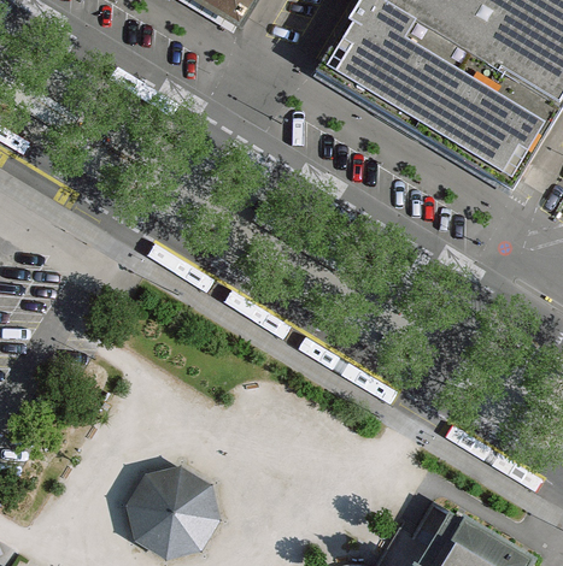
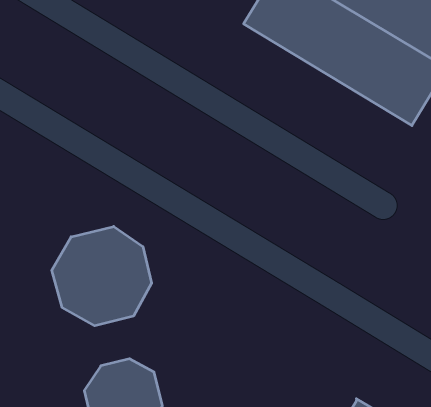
building: none -> [52,226,152,326]

